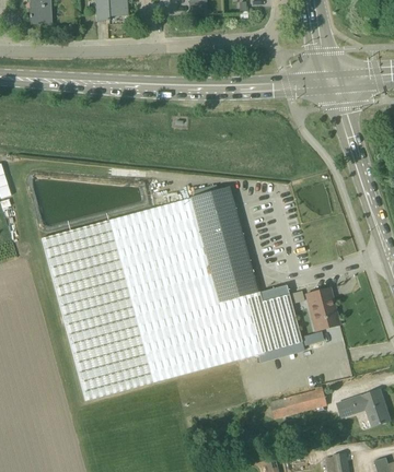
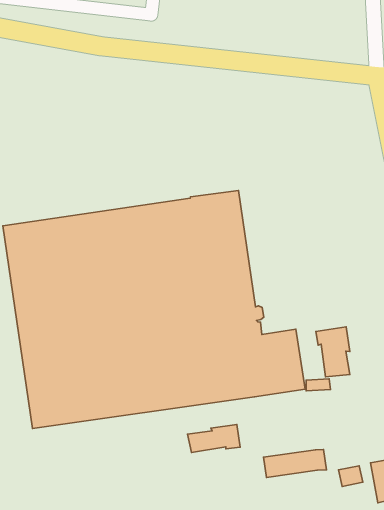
building: none -> [188,424,240,452]

